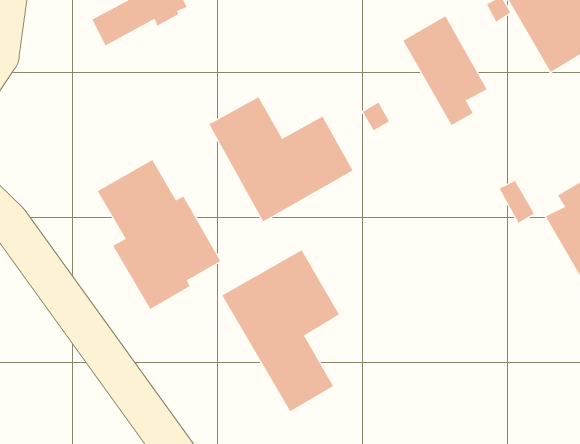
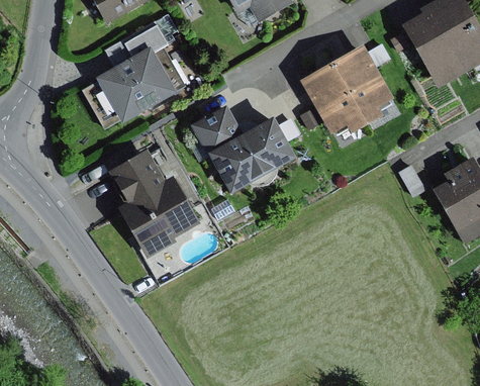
building: none -> [96,46,185,123]
building: none -> [300,63,366,134]
building: [222,249,340,412] -> none

